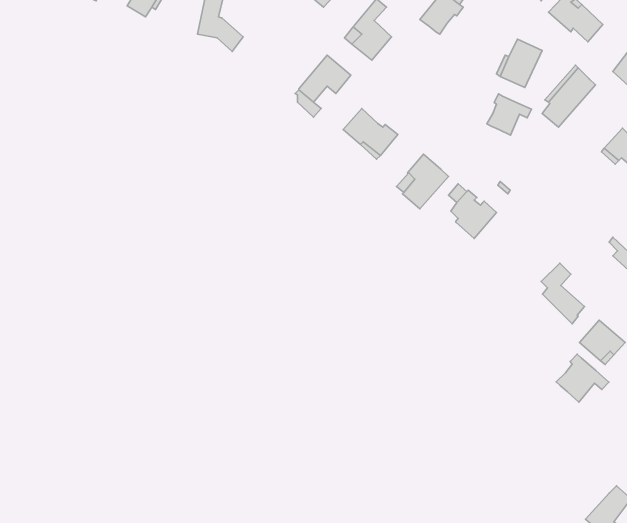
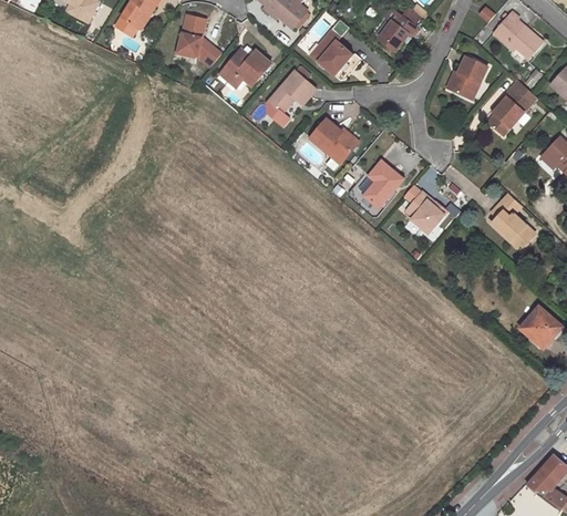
building: none -> [219,50,270,87]
building: [487,94,531,135] -> none
building: [541,263,584,324] -> [493,195,532,249]
building: [556,354,609,402] -> none

